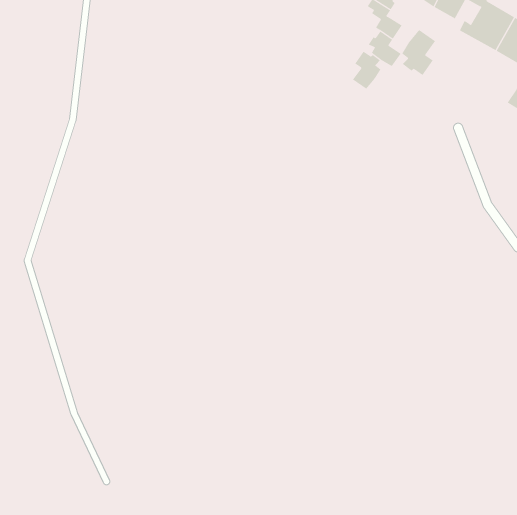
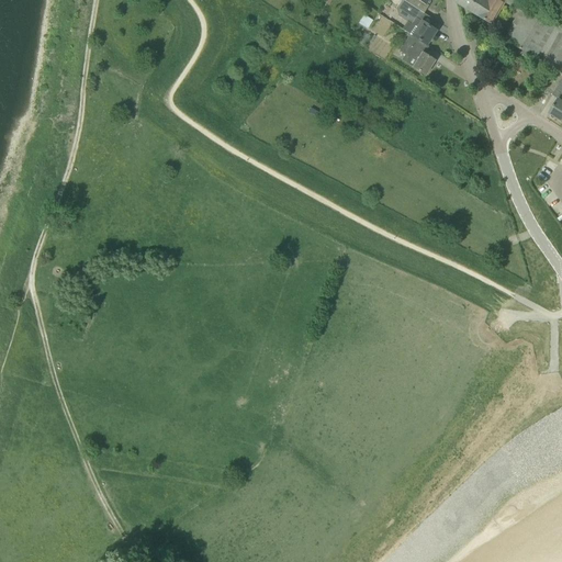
building: [401,29,436,76] -> none
building: [352,51,381,90] -> none

